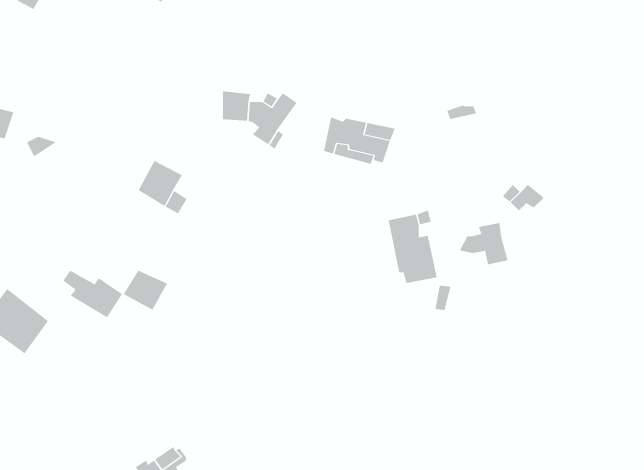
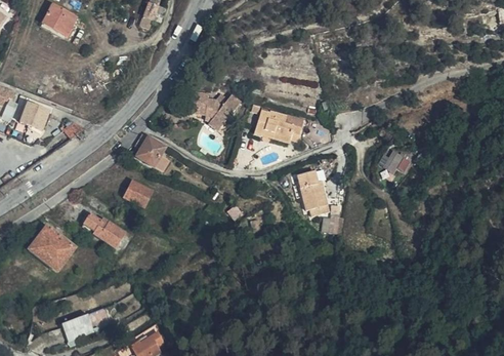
building: [459,222,508,265] -> none
building: [123,270,168,311] -> [122,181,153,208]
building: none -> [61,313,94,342]

